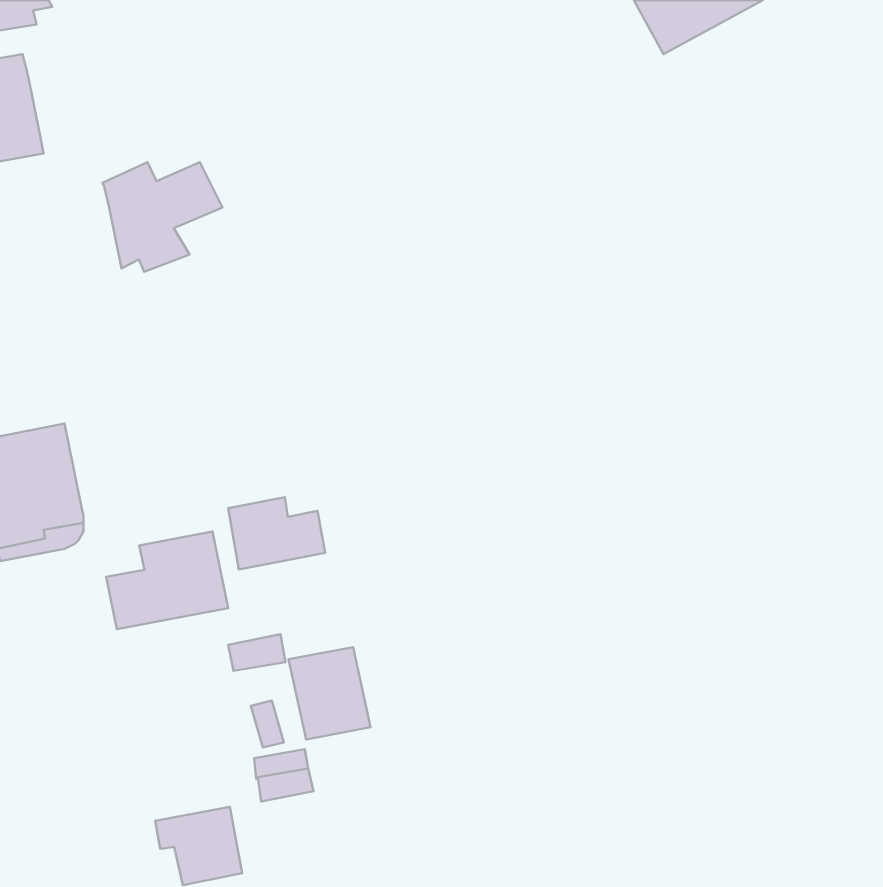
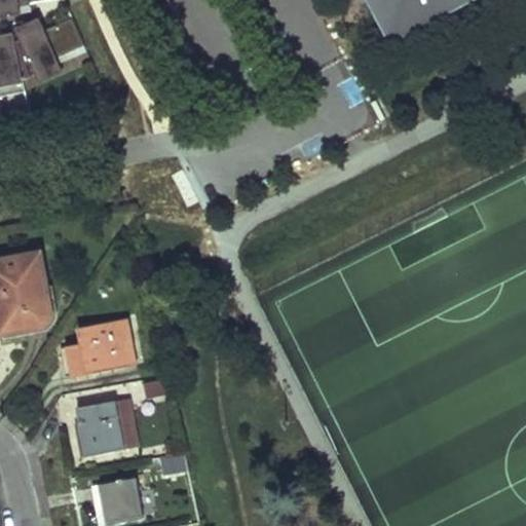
building: [102,162,223,272] -> [12,20,83,84]
building: [228,497,325,569] -> none
building: [289,647,370,739] -> [76,401,124,455]

